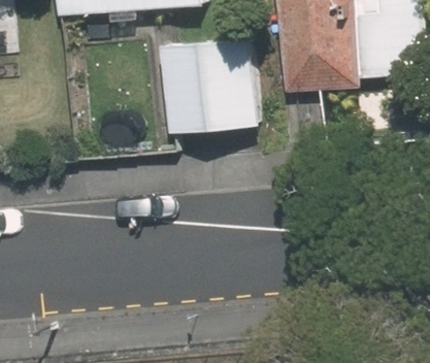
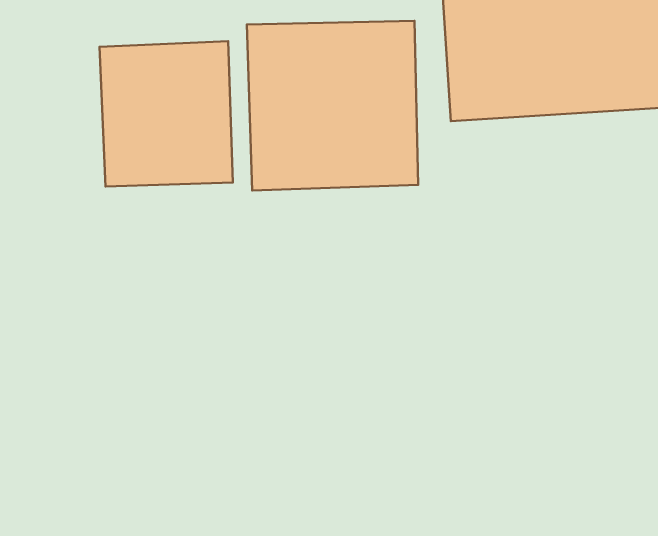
building: none -> [99,41,233,187]

